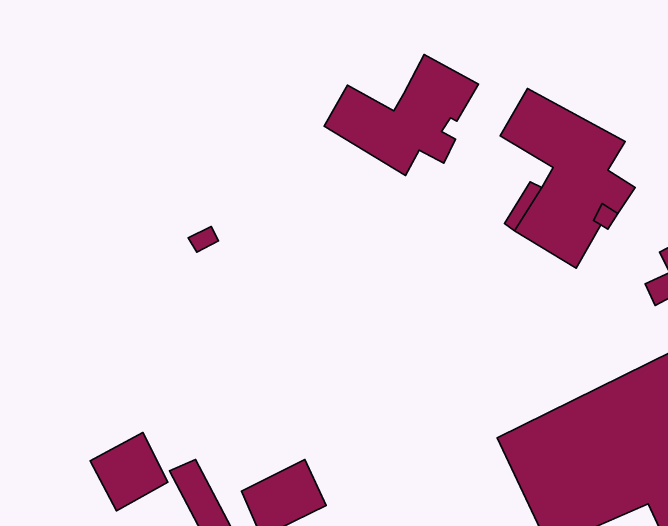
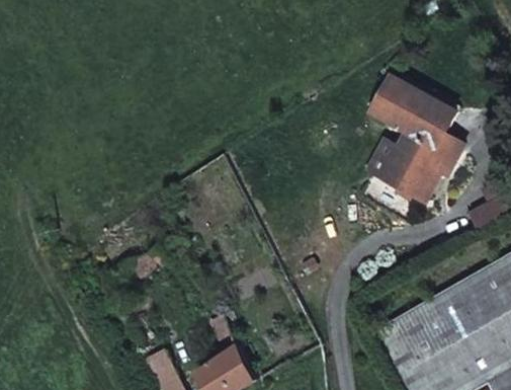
building: [324,55,478,176] -> none
building: [90,433,168,511] -> none

